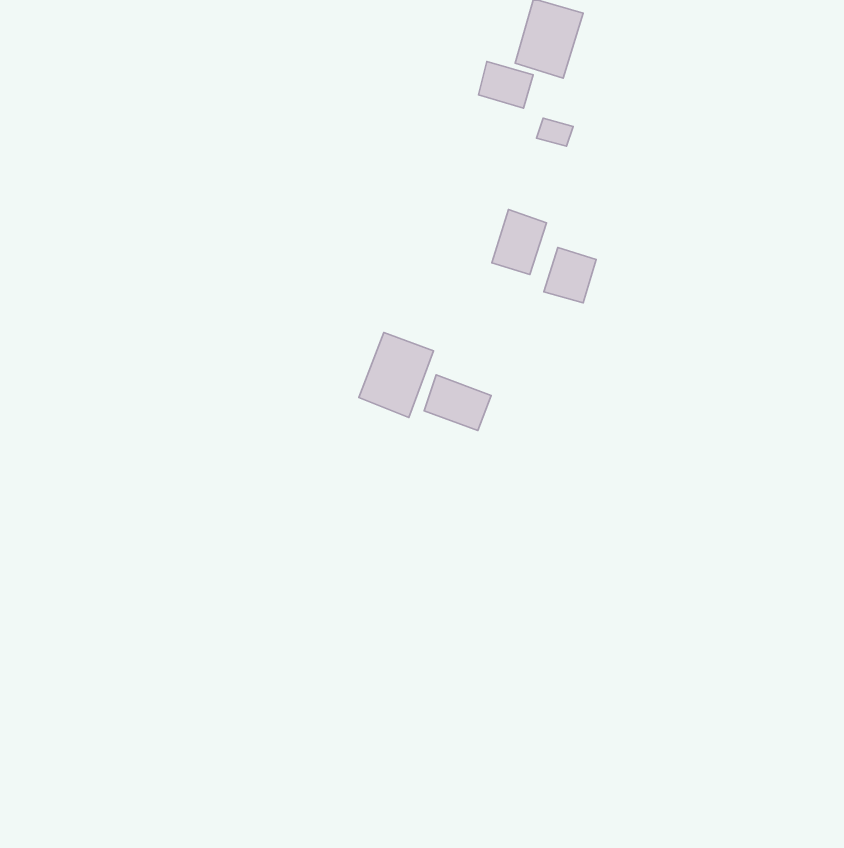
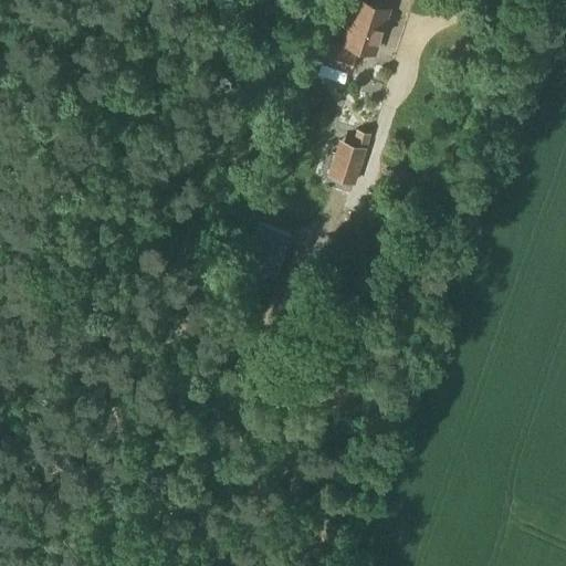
building: [544,247,596,303] -> none
building: [424,375,491,430] -> none

